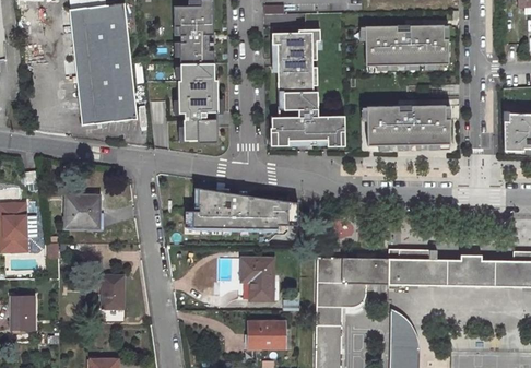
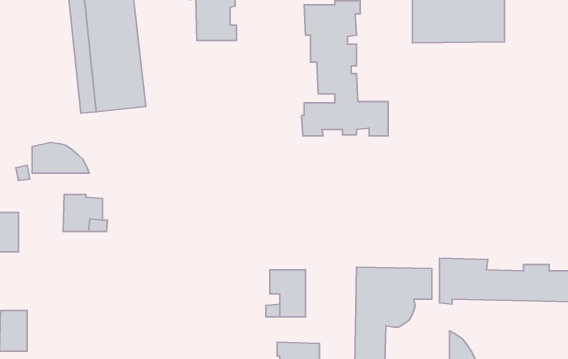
building: [178,63,217,142] -> none
building: [366,106,449,146] -> none
building: none -> [32,142,89,173]
building: [194,185,300,224] -> none
building: [102,275,125,309] -> none

